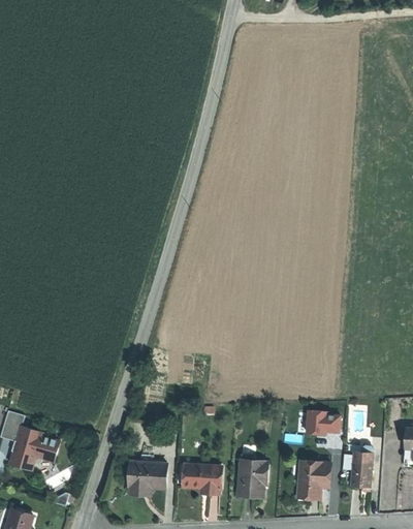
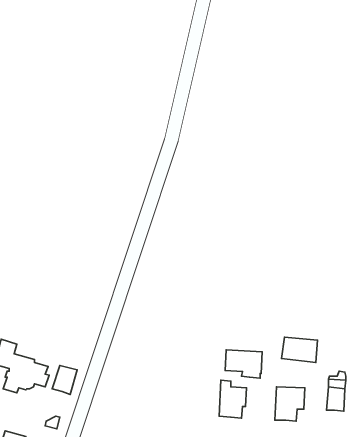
building: none -> [52,366,77,395]
building: [130,460,166,494] -> none
building: [182,462,221,492] -> [225,350,262,378]

